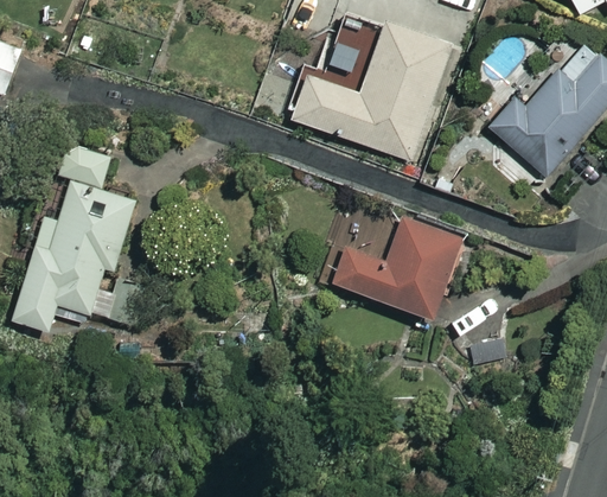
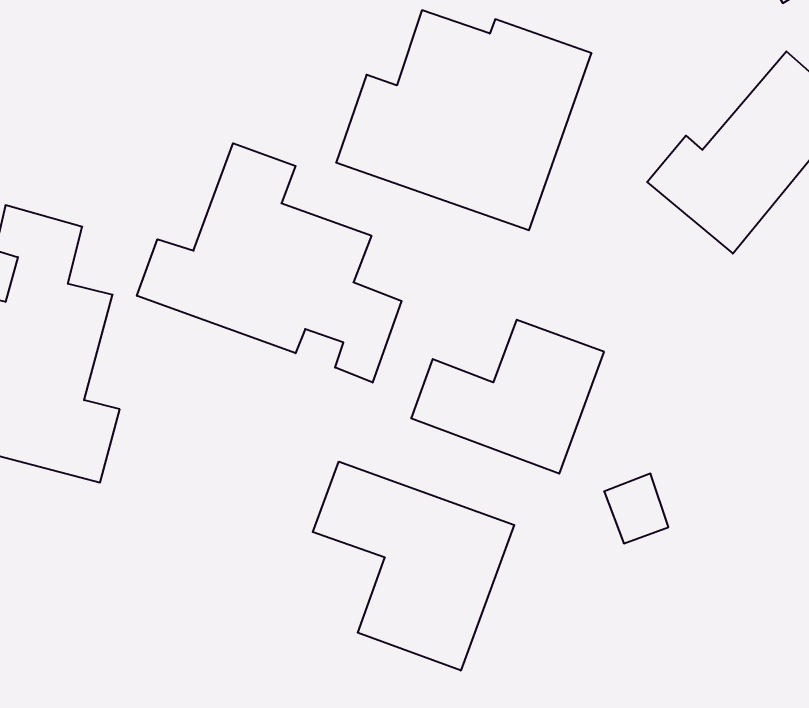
building: none -> [137,143,402,383]
building: none -> [313,462,514,671]

